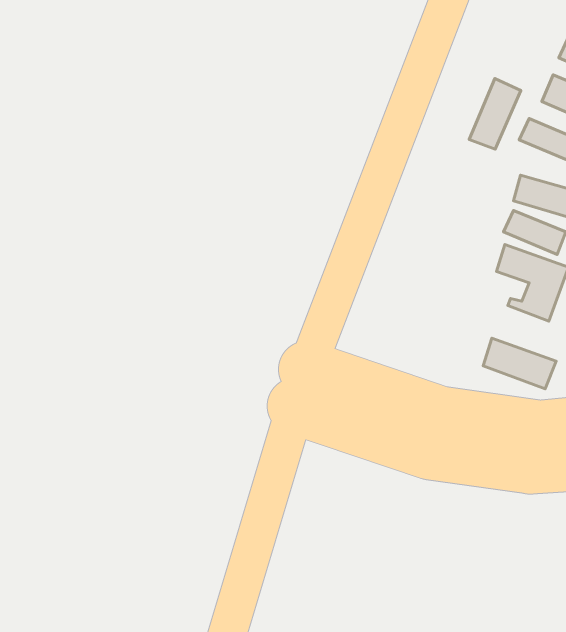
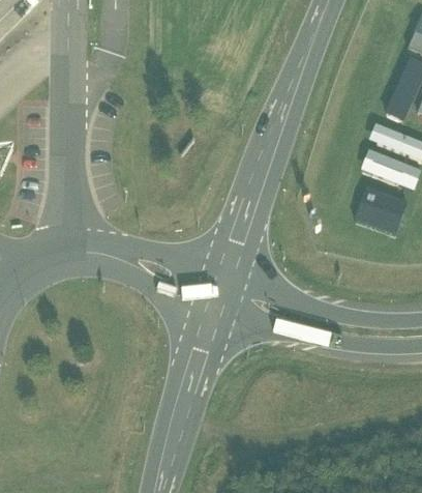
building: [469,79,521,149] -> none
building: [483,338,556,389] -> none

